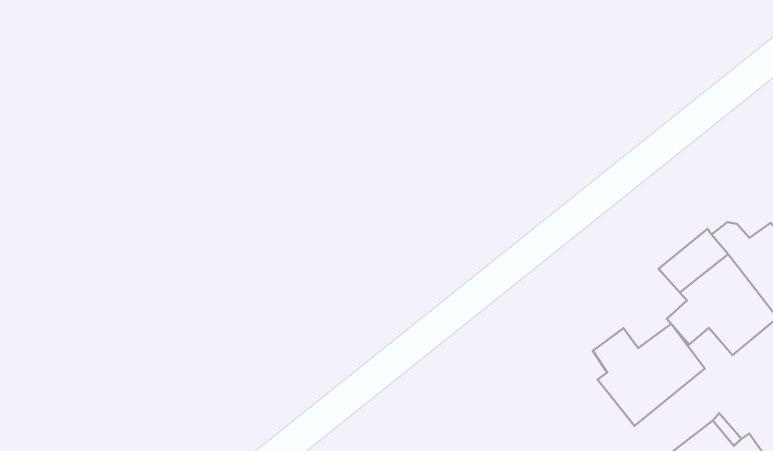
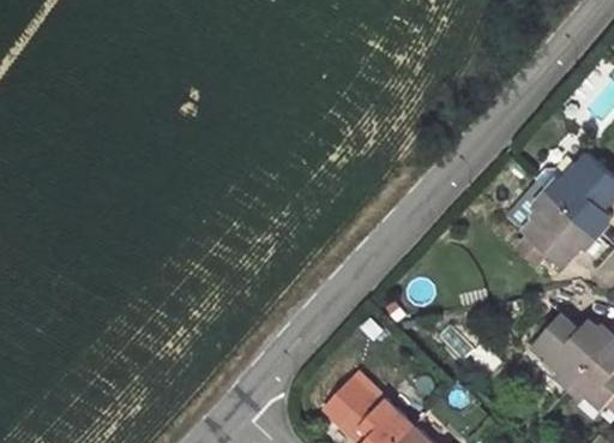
building: [593,324,705,426] -> none

